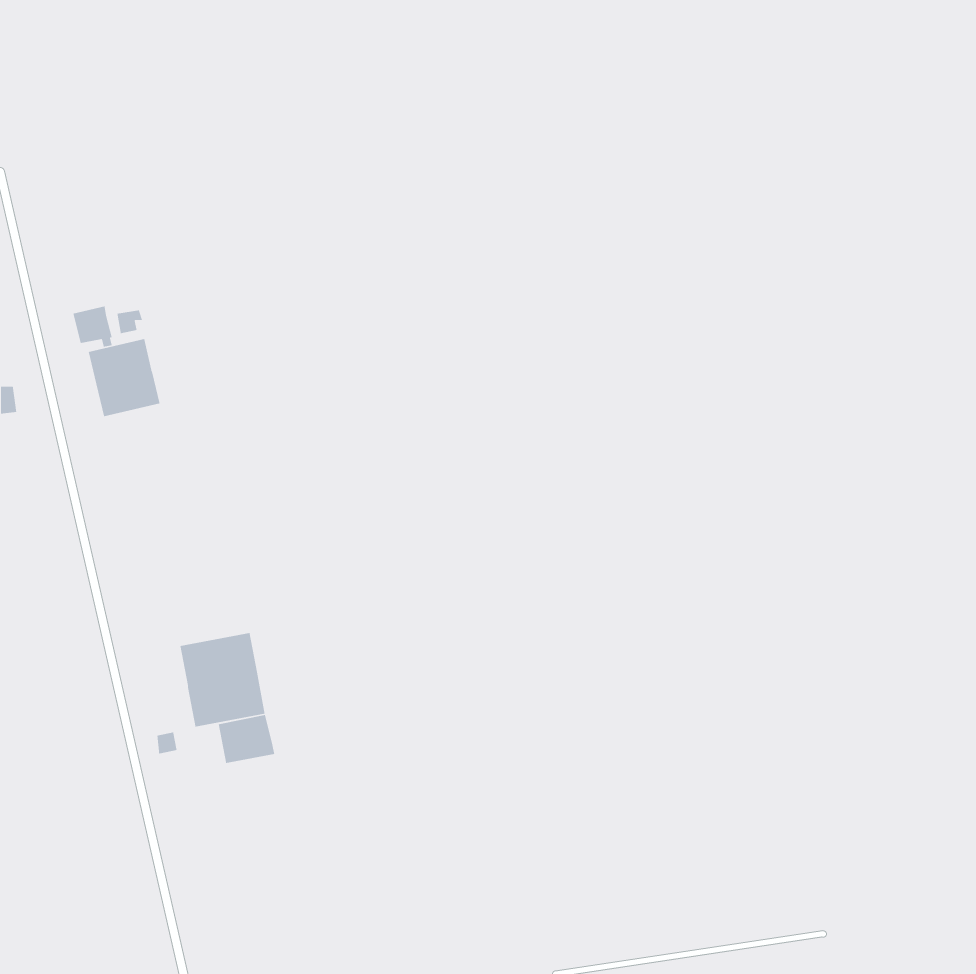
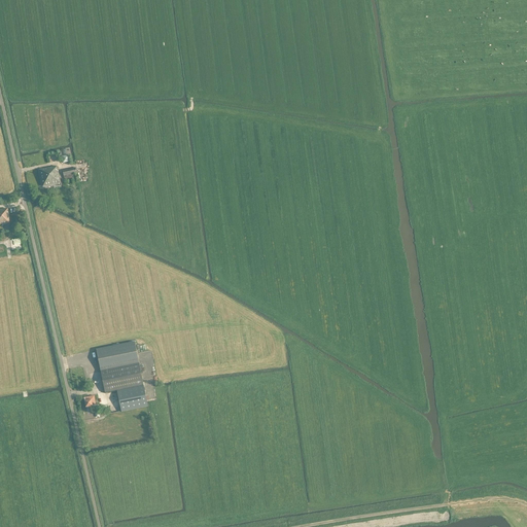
building: [88,338,160,417] -> none

